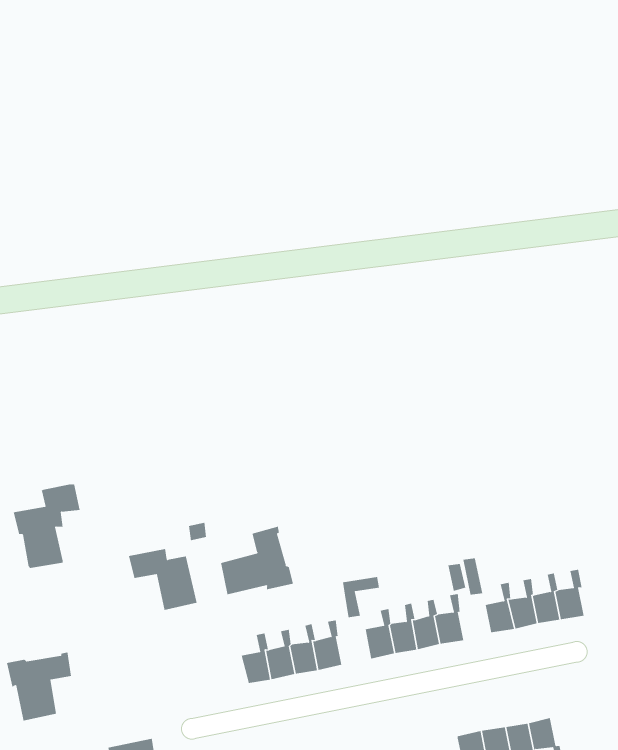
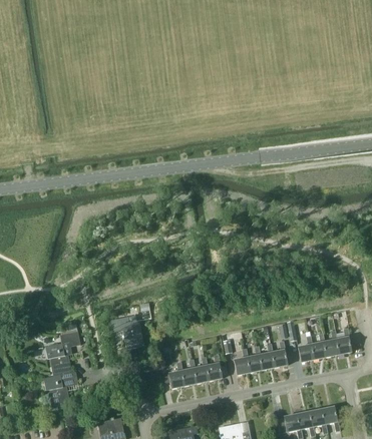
building: [13,484,80,568] -> [44,332,80,377]
building: [220,526,293,595] -> none

